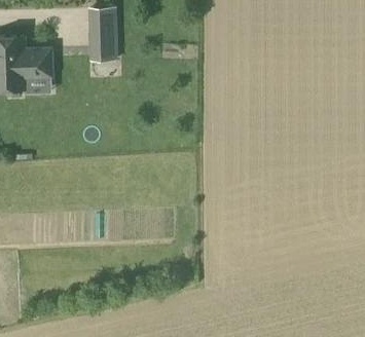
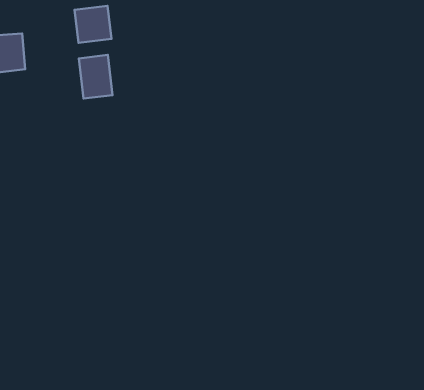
building: none -> [79,55,113,99]

